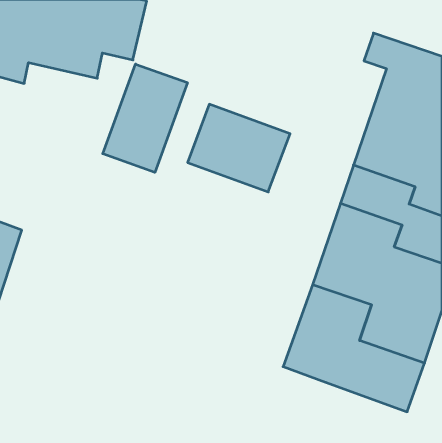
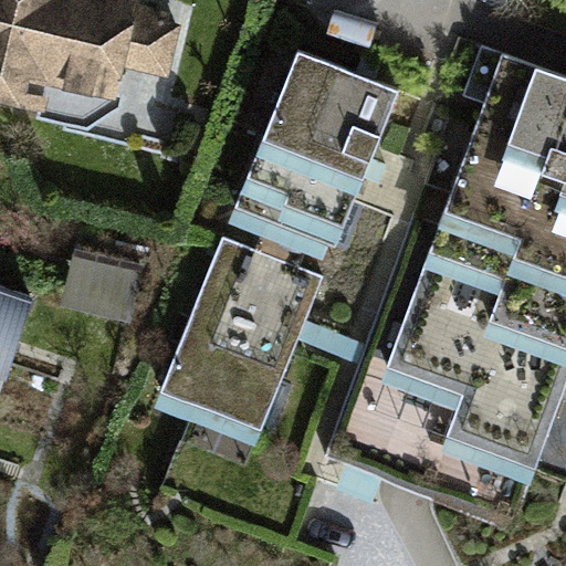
building: none -> [266,54,398,170]
building: [103,64,187,172] -> none
building: none -> [160,234,325,434]

